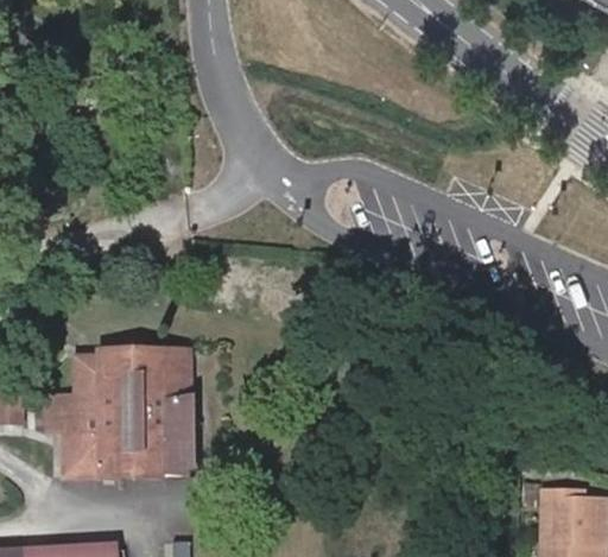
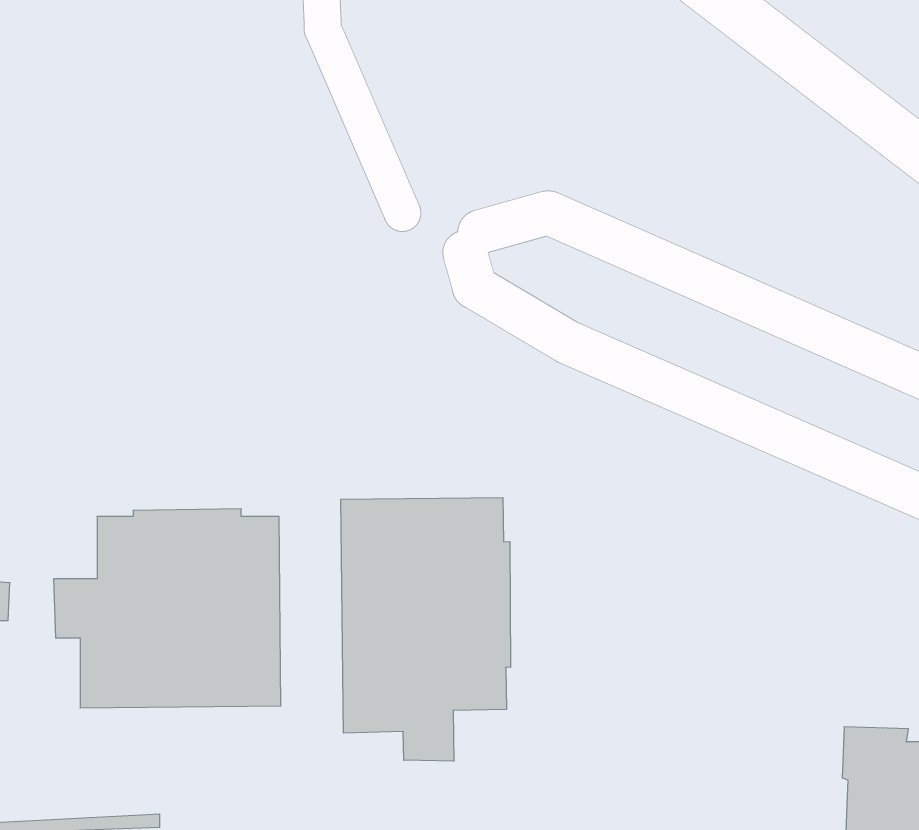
building: none -> [341,498,511,761]

